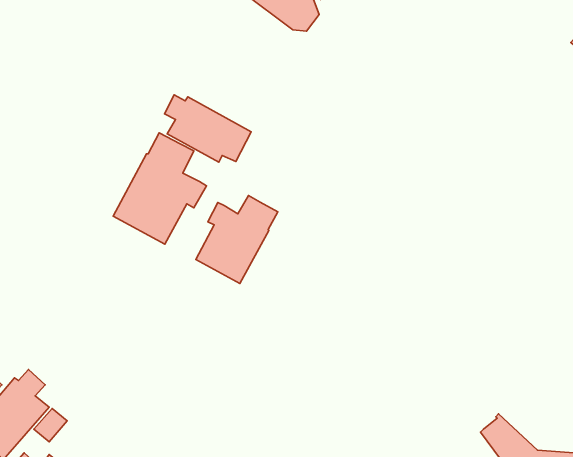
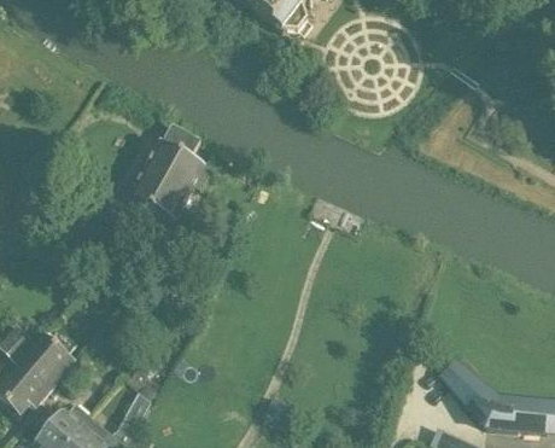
building: [164,95,251,162] -> none
building: [196,195,278,283] -> none

